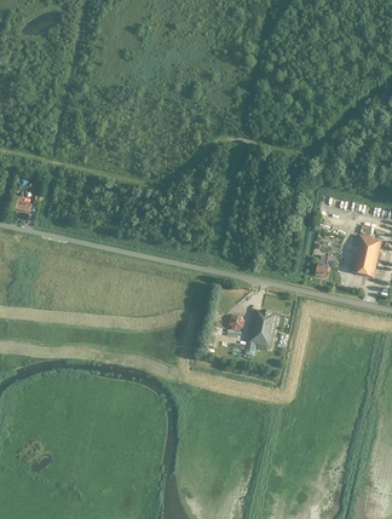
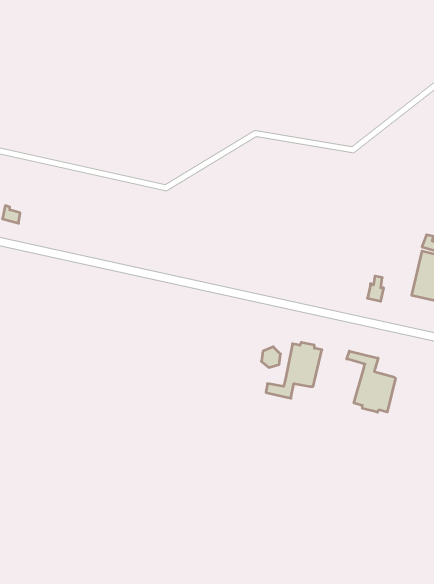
building: none -> [347,351,395,412]

